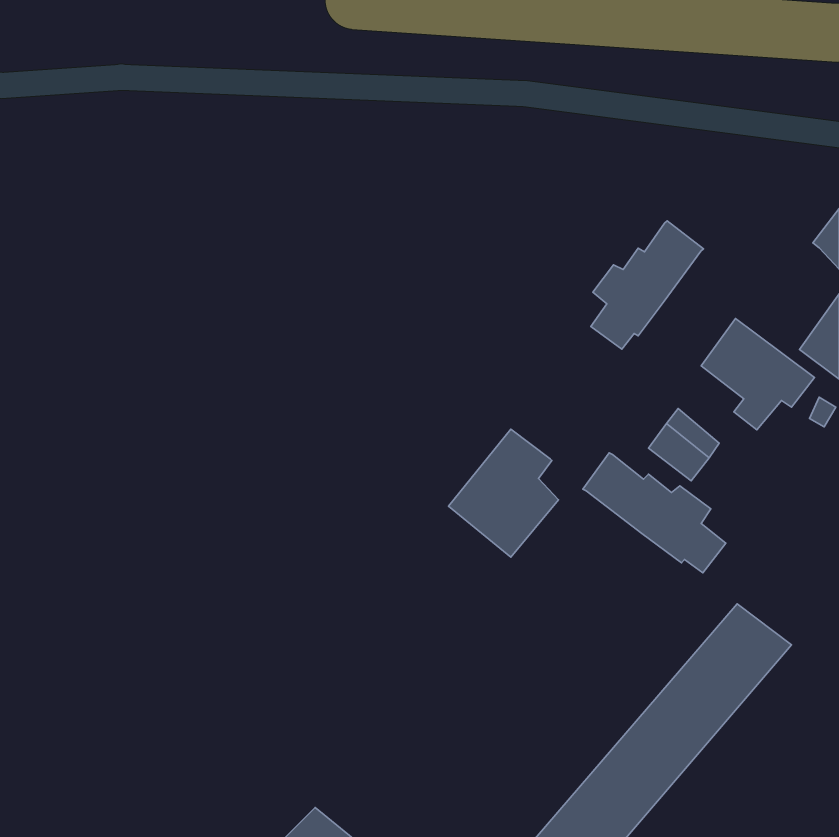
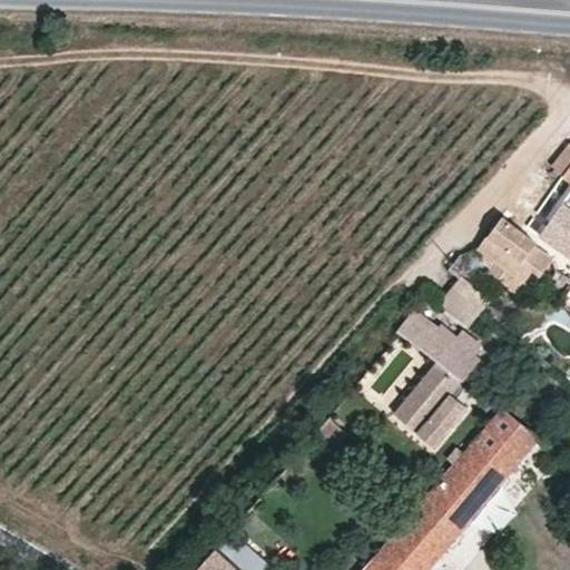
building: [591,221,703,349] -> none
building: [448,429,558,557] -> [393,363,468,450]

